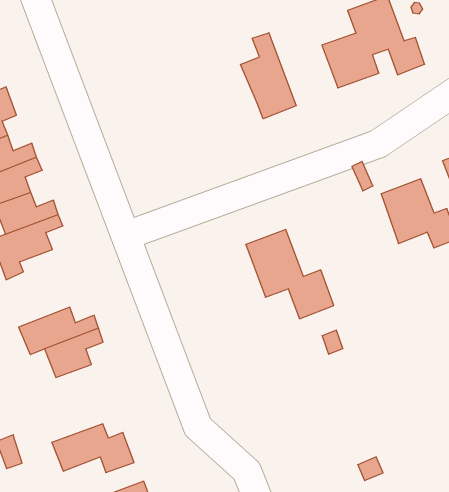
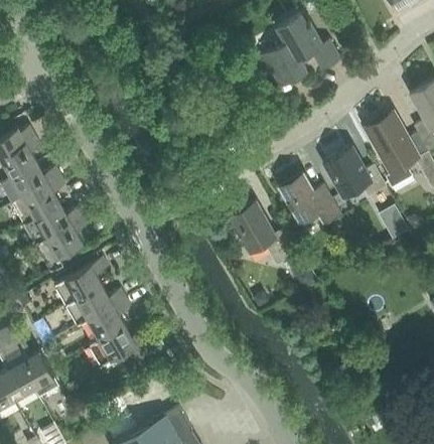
building: [241,33,296,119] -> none
building: none -> [279,173,341,225]
building: none -> [55,258,109,306]
building: [52,424,134,473] -> [90,325,154,365]

